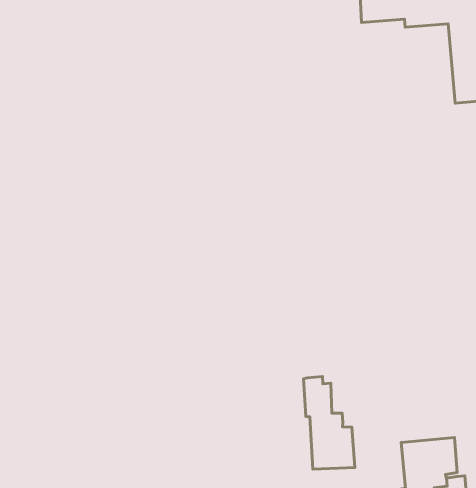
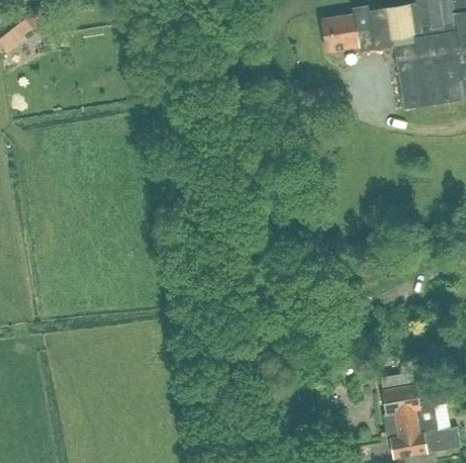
building: [303,376,355,469] -> none

